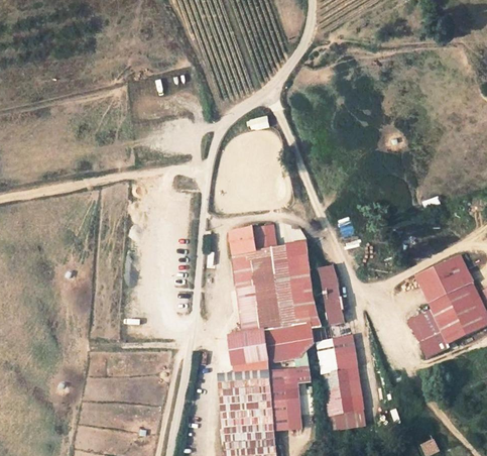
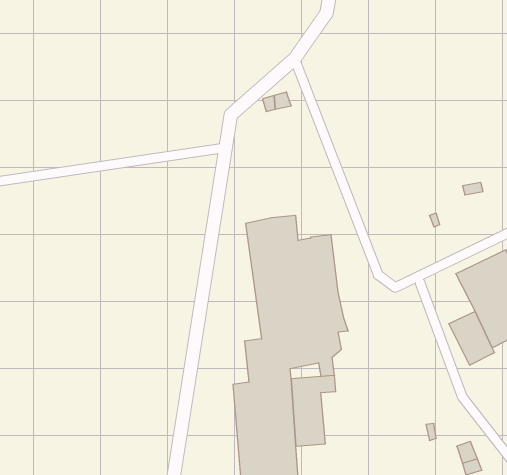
building: [319,266,344,325] -> none
building: [316,336,366,430] -> none

